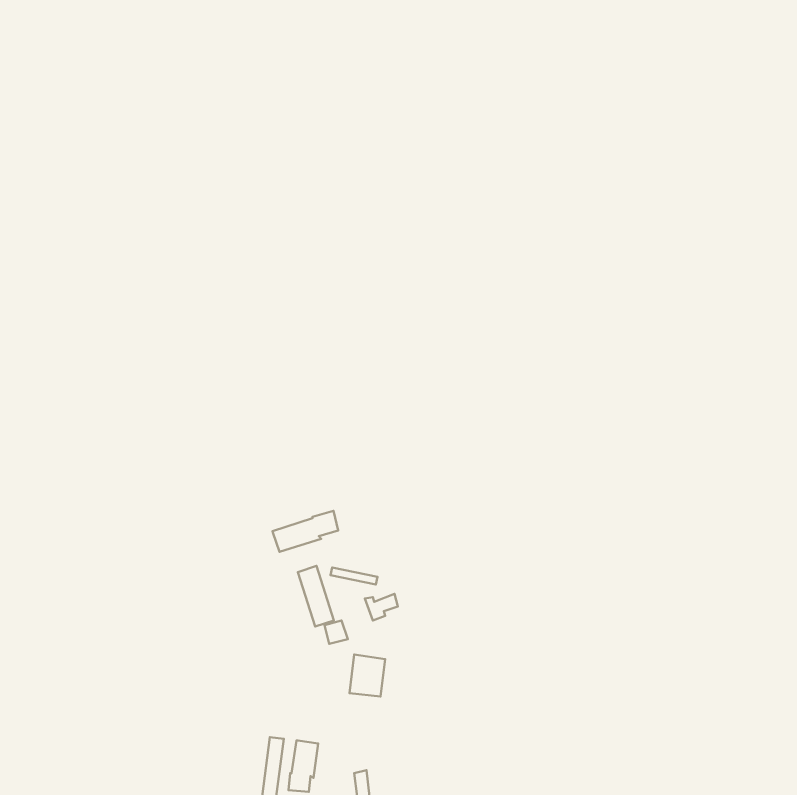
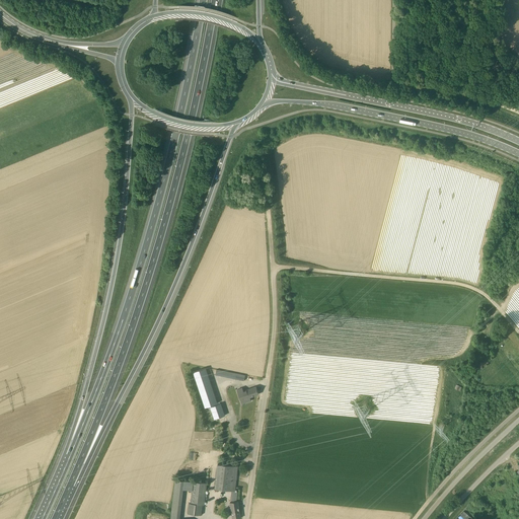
building: [273,511,338,552] -> none
building: [349,654,385,696] -> [215,464,238,492]

